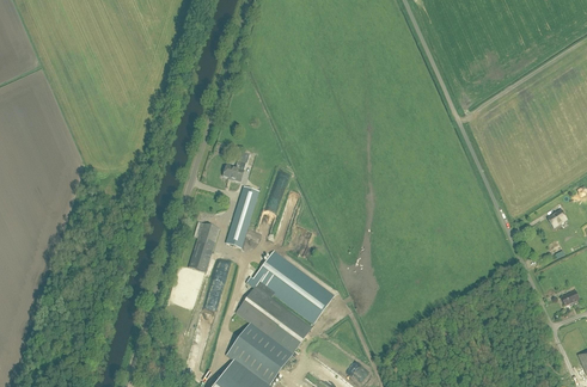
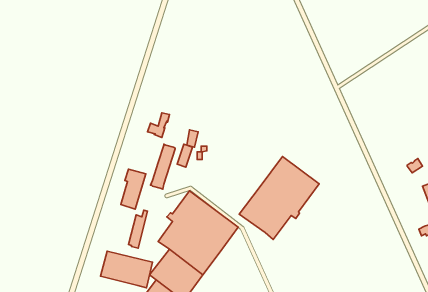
building: none -> [239,156,319,239]
building: none -> [100,251,152,288]

